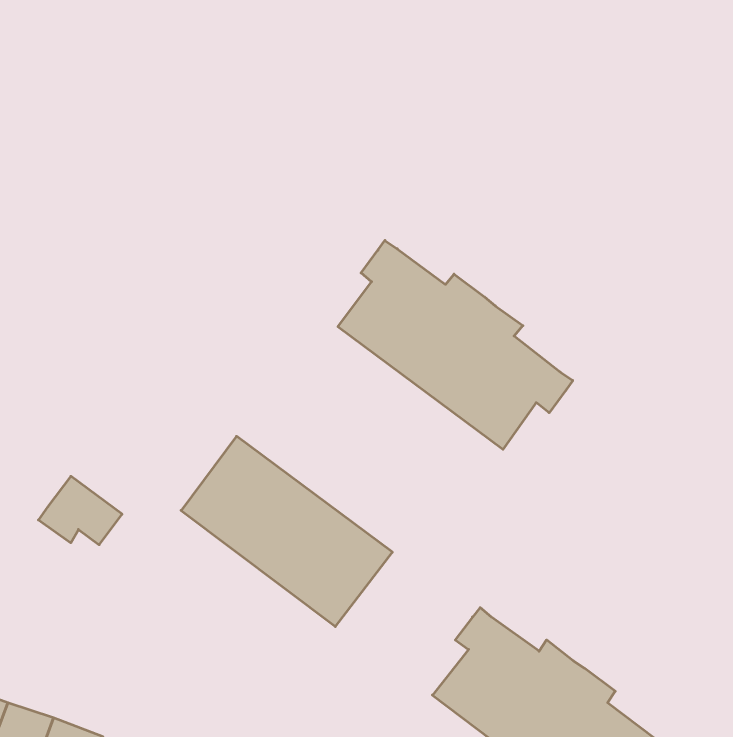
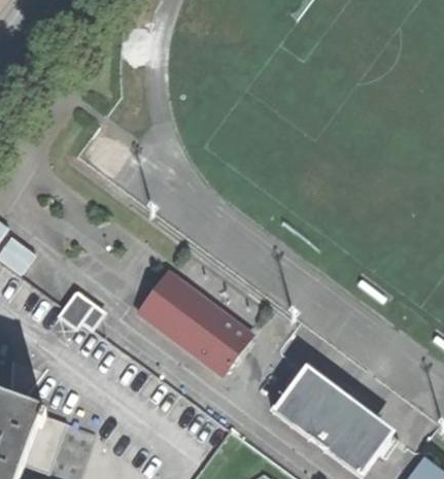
building: [338,240,573,449] -> none

